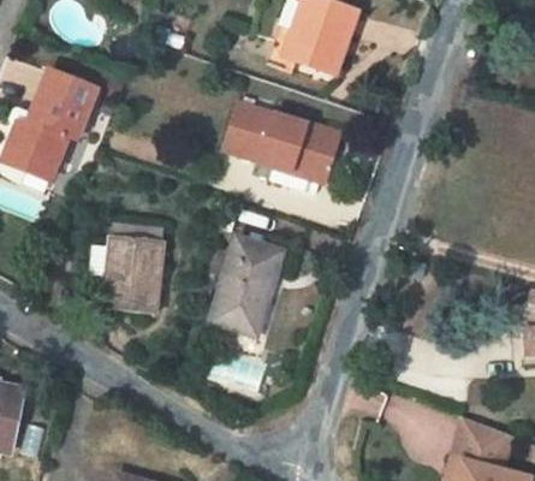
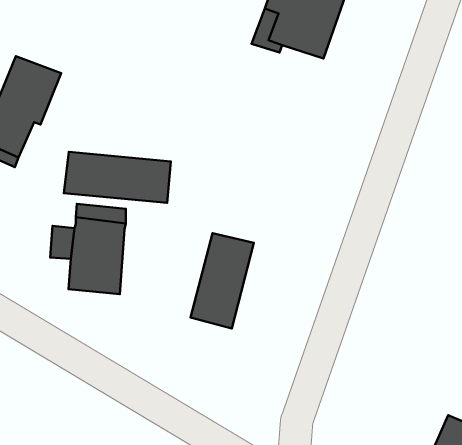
building: [228,101,349,198] -> none
building: none -> [64,152,171,203]

